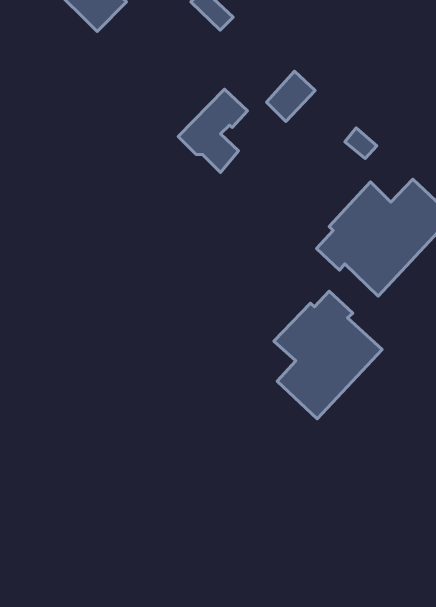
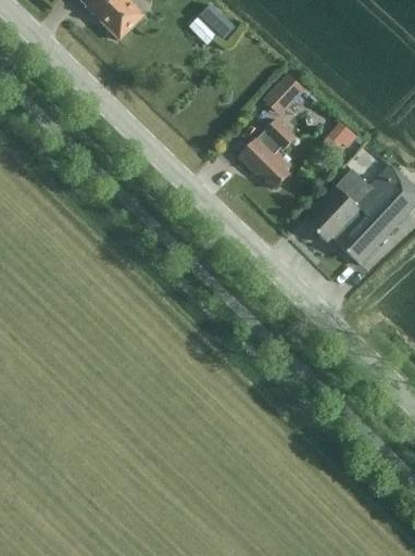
building: [178,89,248,173] -> [238,117,297,188]
building: [274,291,382,419] -> none

